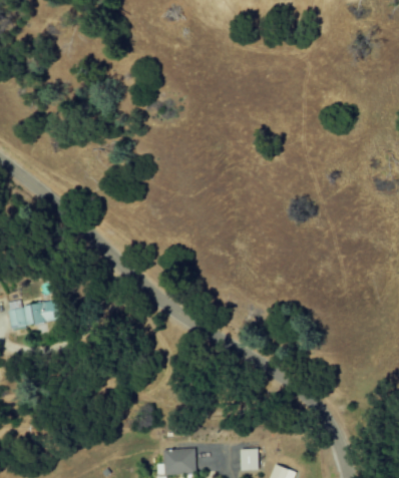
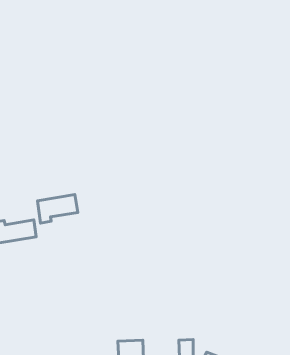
building: none -> [37,195,78,223]

